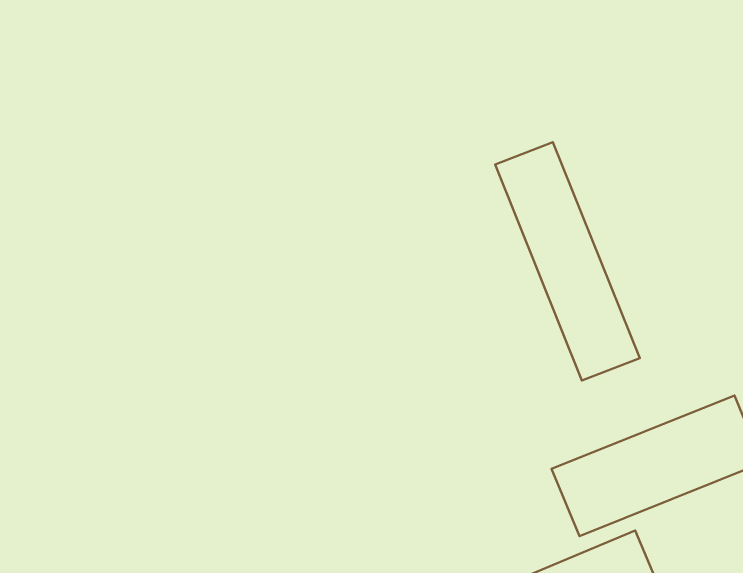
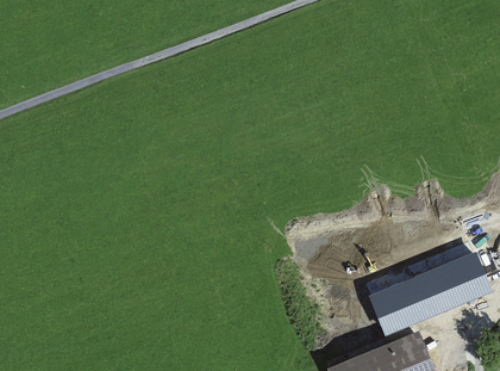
building: [495,142,640,380] -> none

